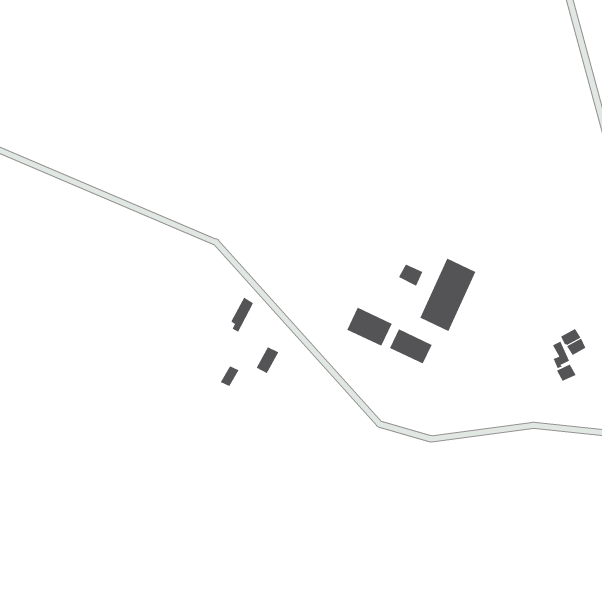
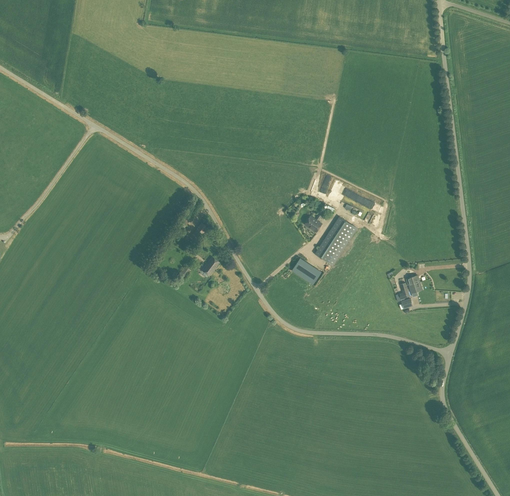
building: [347,307,392,347] -> none

